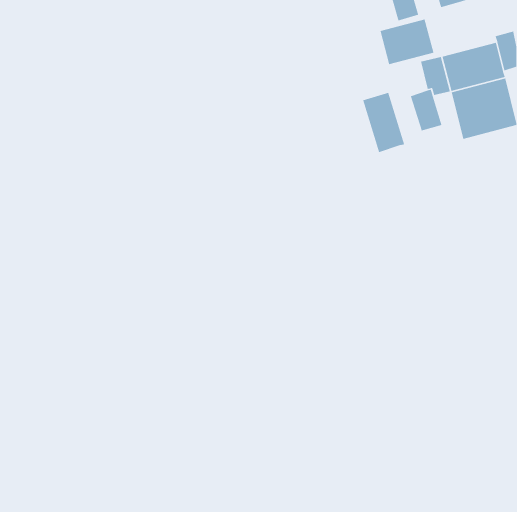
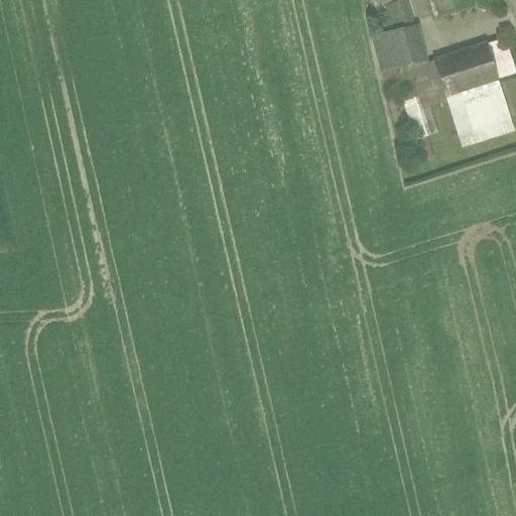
building: [362,92,405,153] -> none

